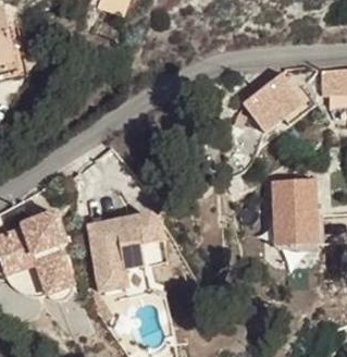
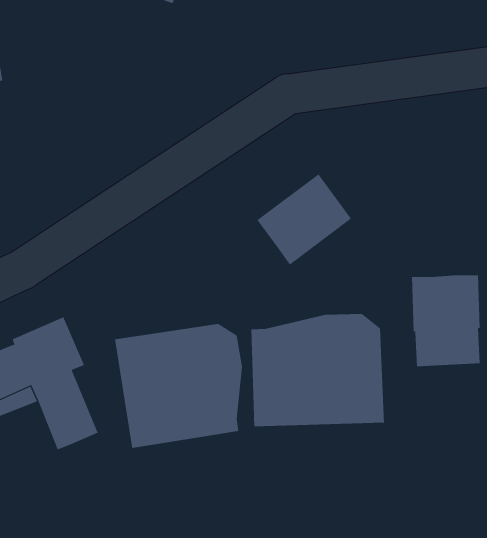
building: [241,74,301,132] -> [256,173,352,265]
building: none -> [251,313,385,427]

